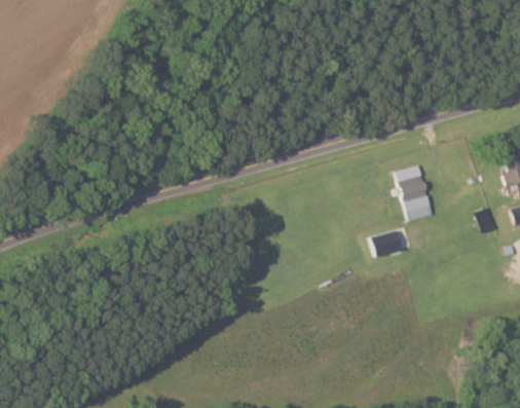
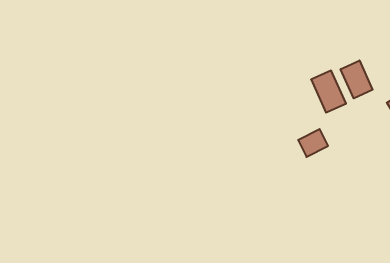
building: none -> [341,60,373,98]

